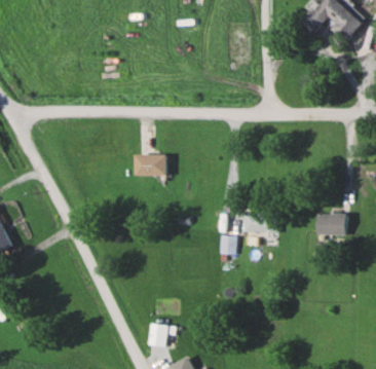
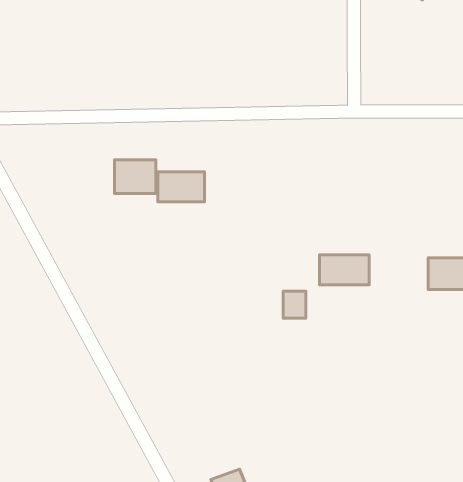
building: none -> [115,160,156,194]
building: [148,323,174,346] -> none

